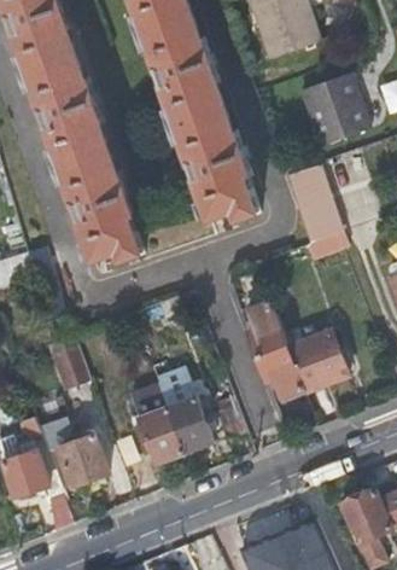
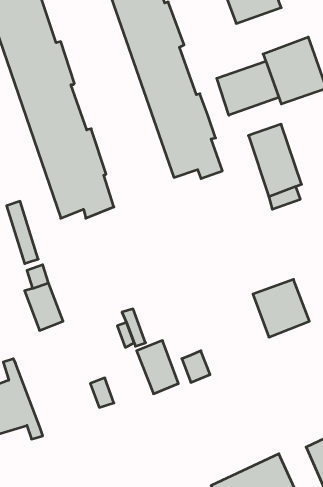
building: none -> [217,61,279,115]
building: [246,301,306,401] -> none
building: [135,406,183,464] -> none
building: [36,414,110,489] -> none

